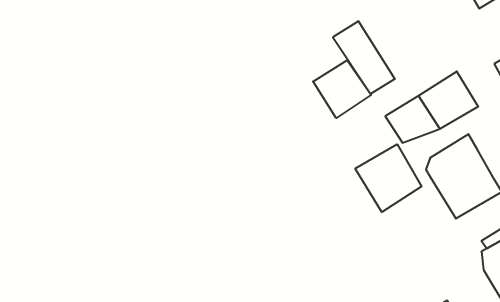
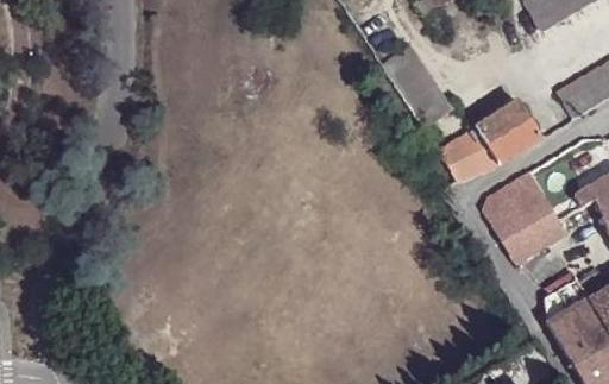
building: [313,60,371,118] -> none
building: [355,144,421,212] -> none

